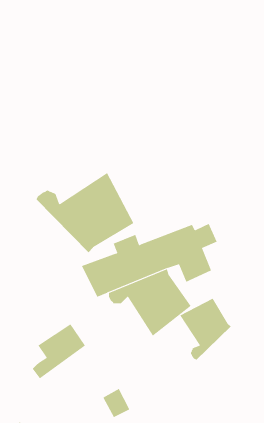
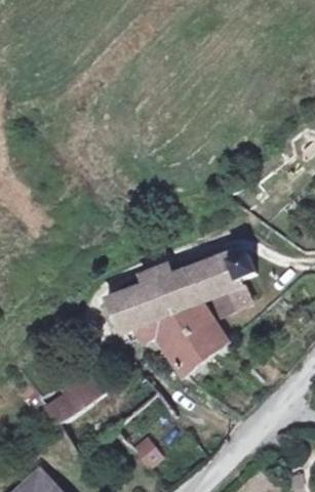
building: [36,172,134,253] -> none
building: [179,298,231,360] -> none

